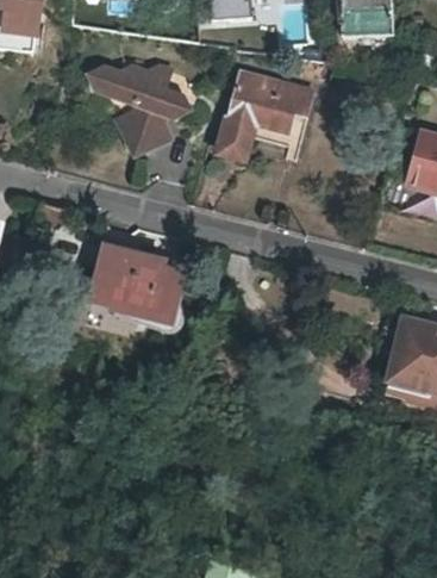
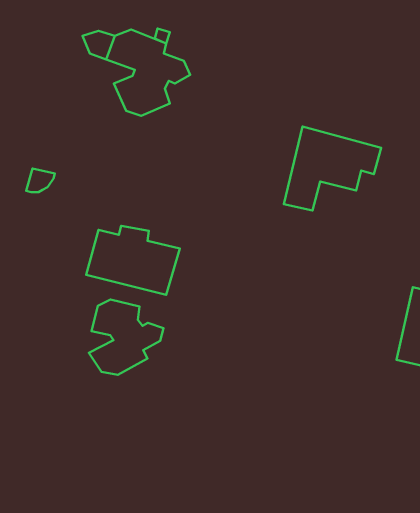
building: [220,70,313,150] -> [284,127,381,210]
building: none -> [89,300,163,375]

